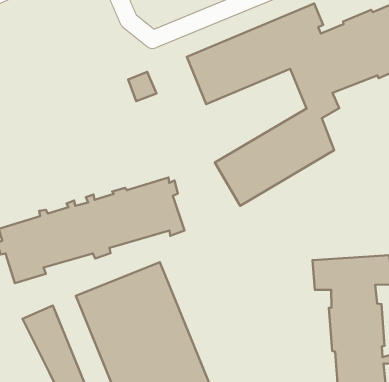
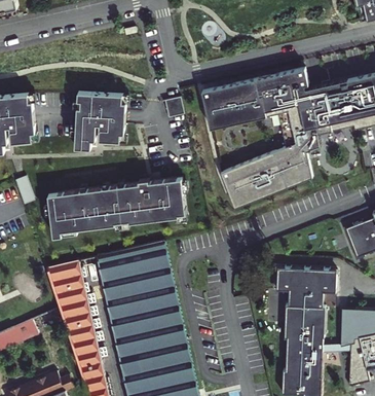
building: none -> [71,92,127,149]

